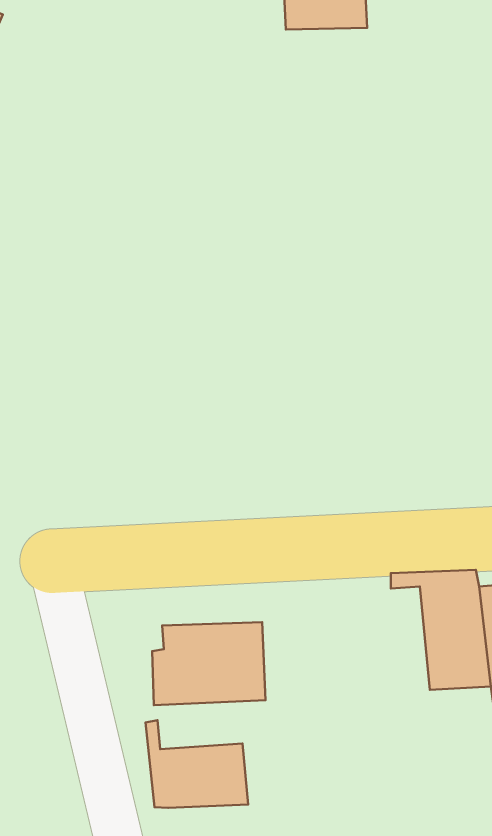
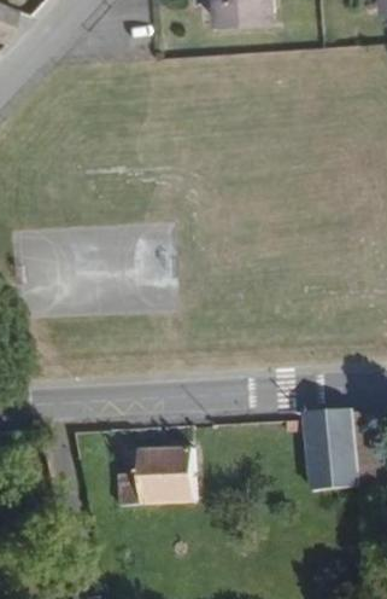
building: [146,720,248,808] -> none

